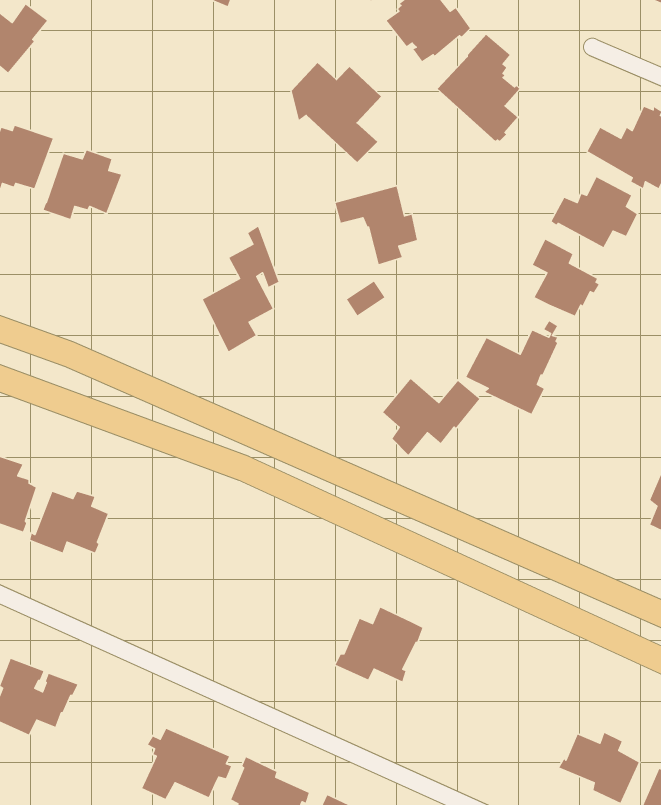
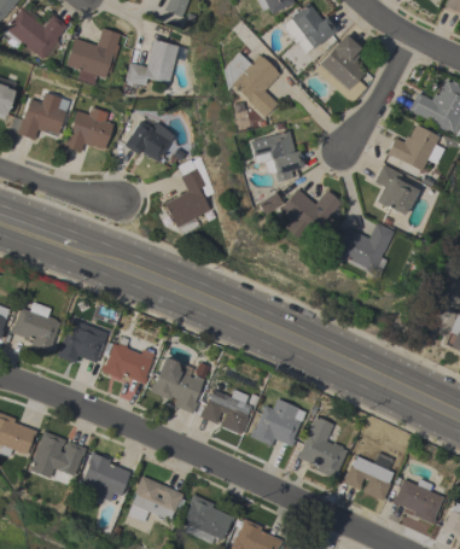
building: none -> [66,28,120,83]
building: none -> [126,39,190,86]
building: none -> [124,119,175,162]
building: [382,378,481,456] -> [279,188,342,238]
building: none -> [101,334,157,384]
building: none -> [150,356,209,413]
building: none -> [200,389,252,434]
building: none -> [297,415,348,479]
building: none -> [82,450,130,501]
building: none -> [343,451,395,500]

